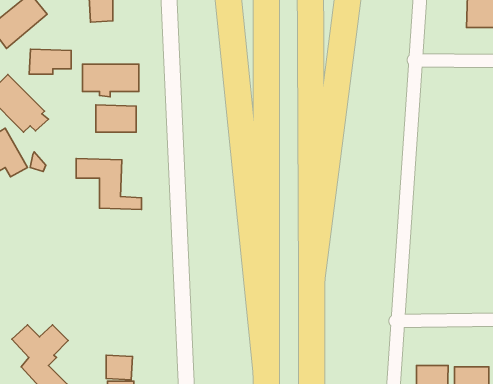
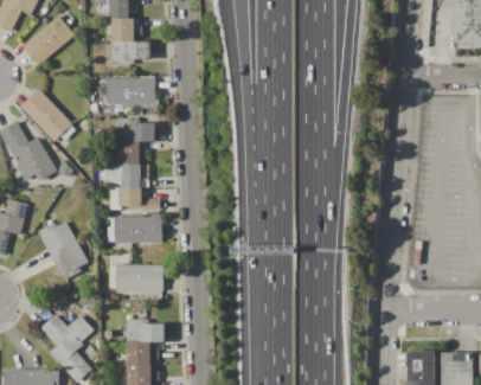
building: [29,49,71,74] -> [111,41,149,64]
building: none -> [115,142,140,163]
building: none -> [108,218,162,243]
building: none -> [37,222,88,280]
building: none -> [115,263,162,289]
building: none -> [126,320,165,342]

